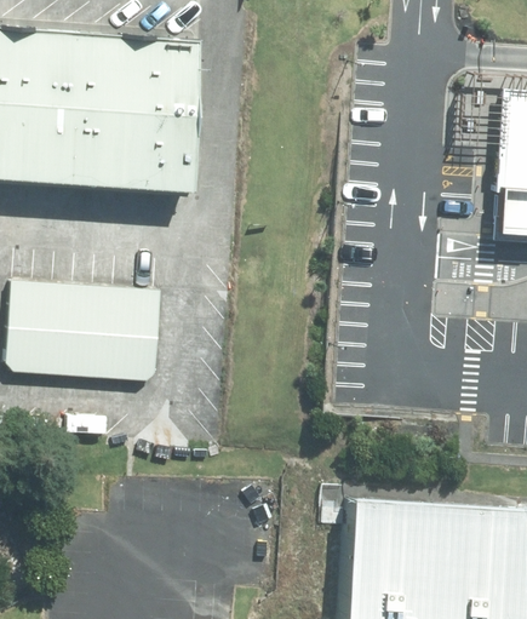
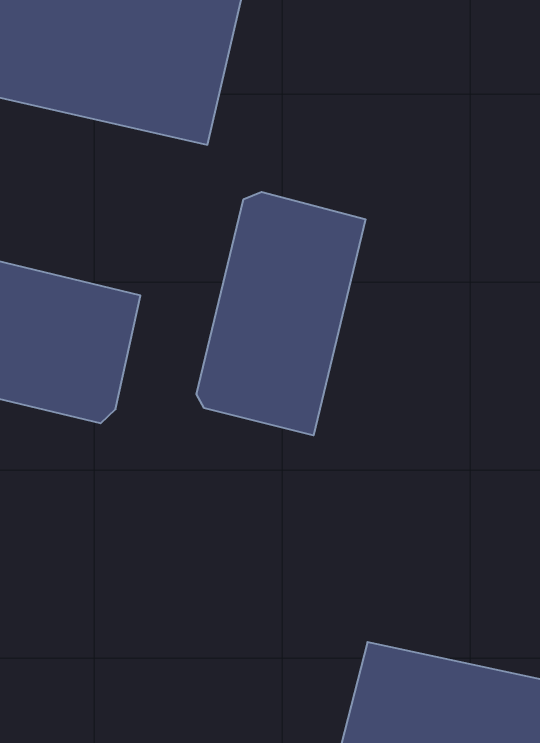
building: none -> [197,192,366,435]

